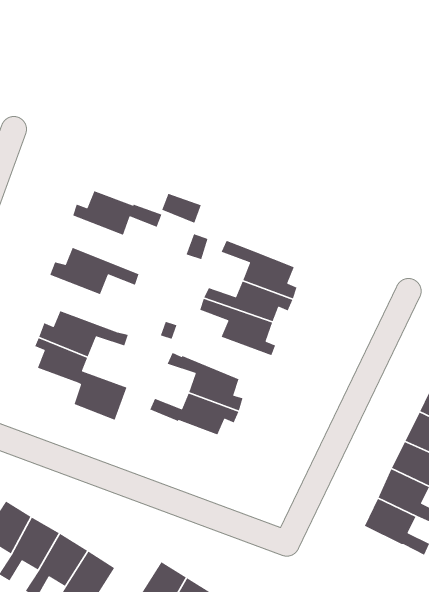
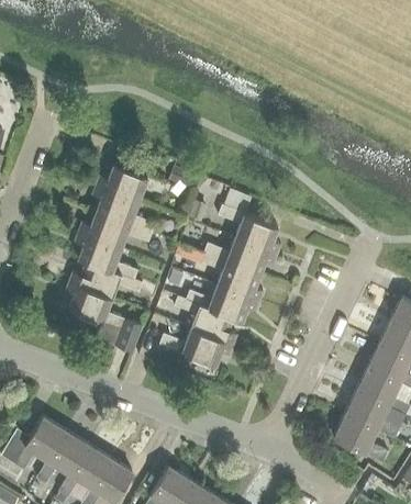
building: none -> [92,186,156,233]
building: none -> [75,234,138,280]
building: none -> [186,284,259,322]

